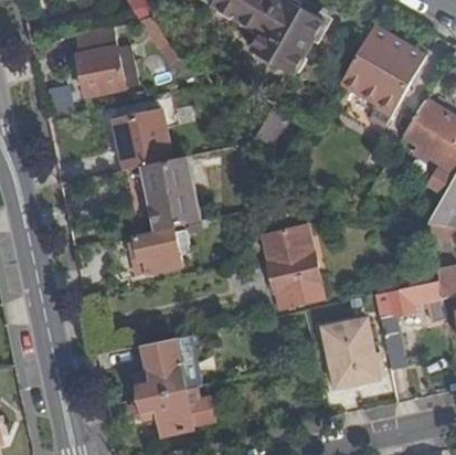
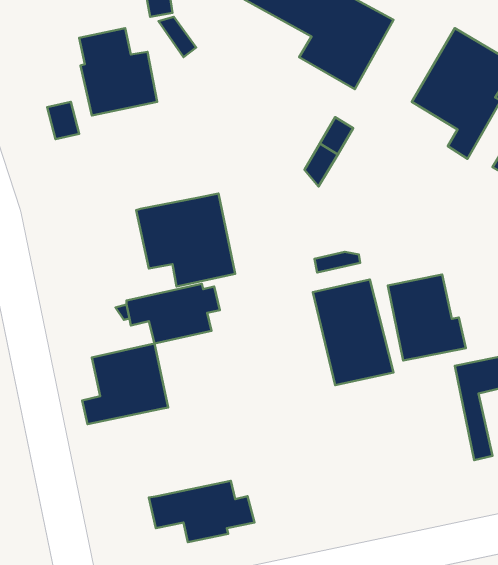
building: [115,112,171,169] -> none
building: [322,318,384,387] -> [388,274,466,361]
building: [134,334,202,398] -> [82,343,168,424]

